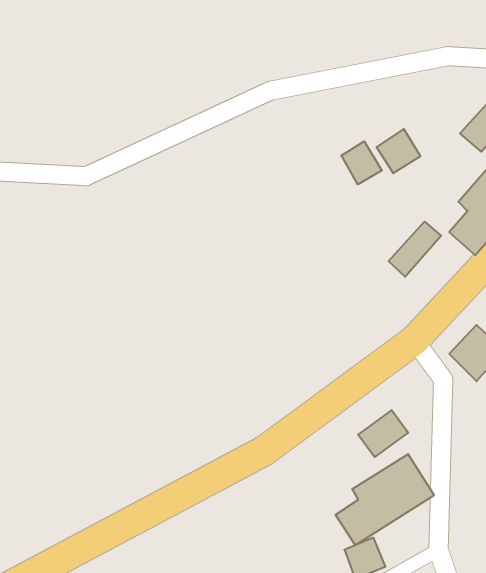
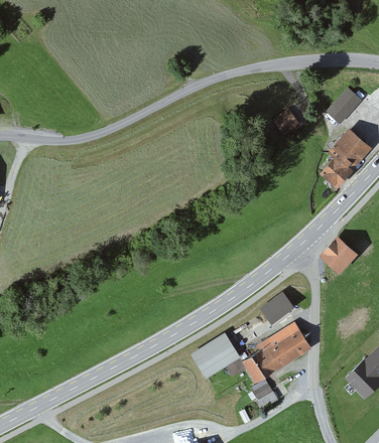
building: [341,141,382,184] -> none
building: [389,222,441,277] -> none
building: none -> [190,335,237,380]

